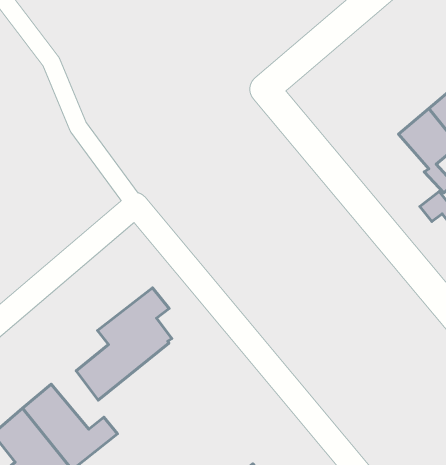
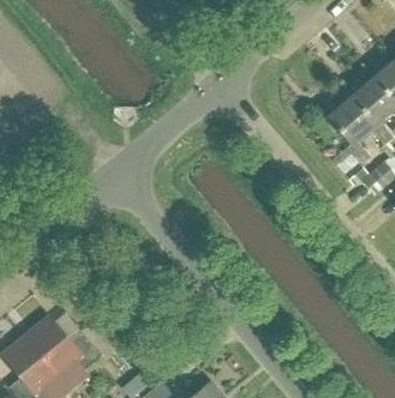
building: [76,288,172,400] -> none

